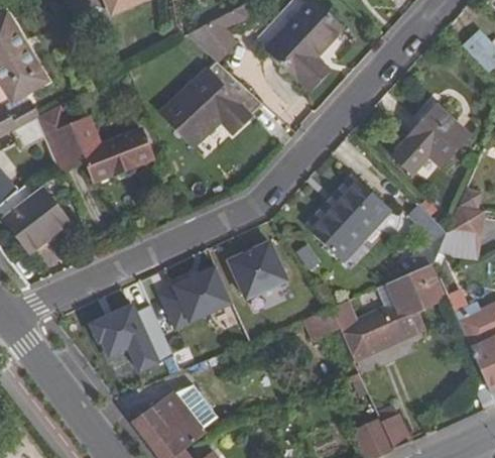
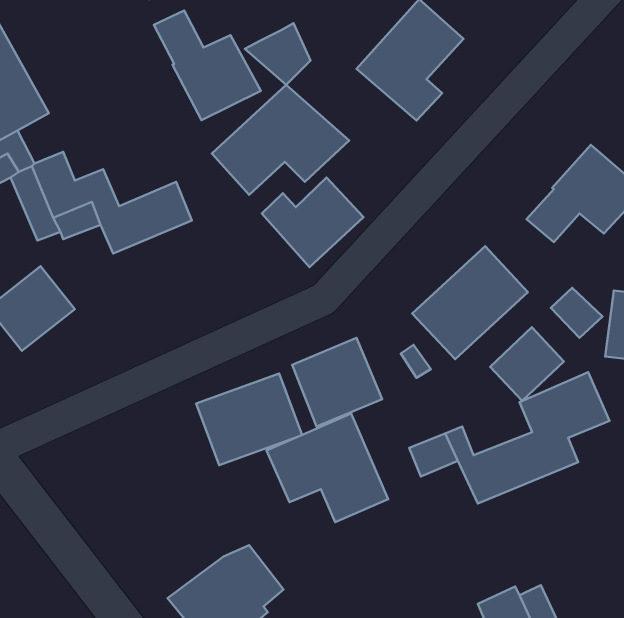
building: none -> [154,11,261,120]
building: none -> [262,178,363,267]
building: none -> [490,327,564,401]
building: [86,299,171,375] -> [267,413,388,522]

